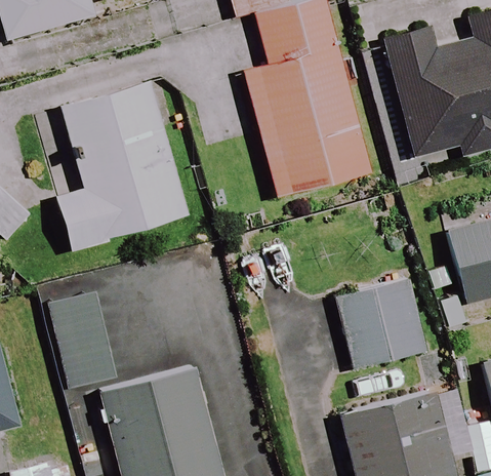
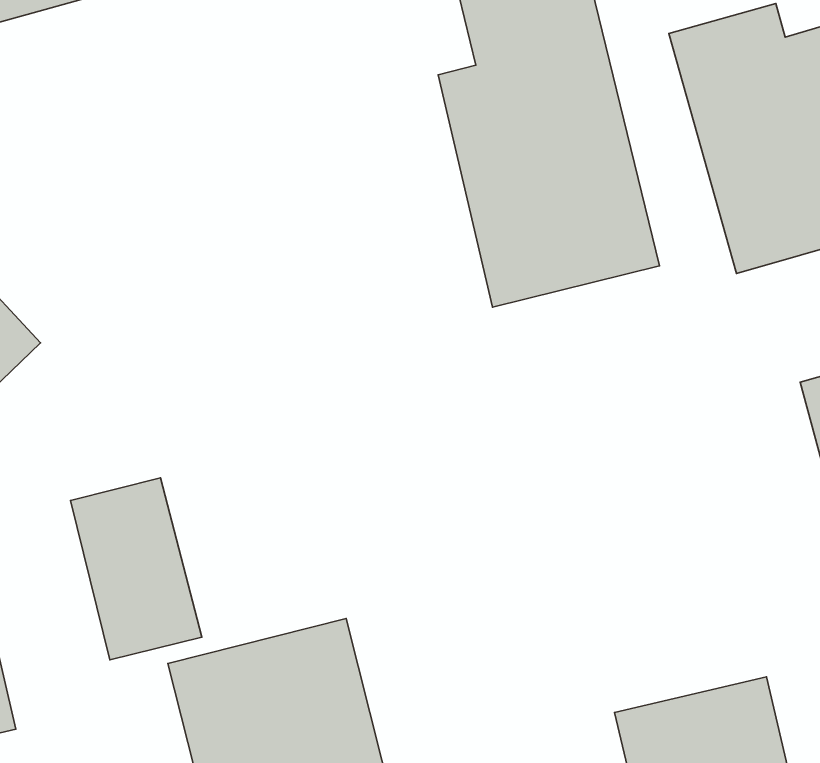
building: [57,80,189,248] -> none
building: [337,276,426,368] -> none

